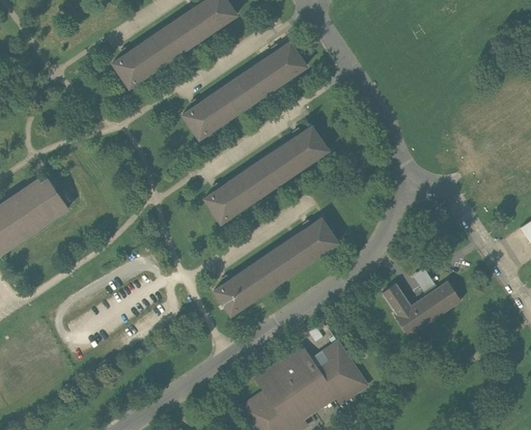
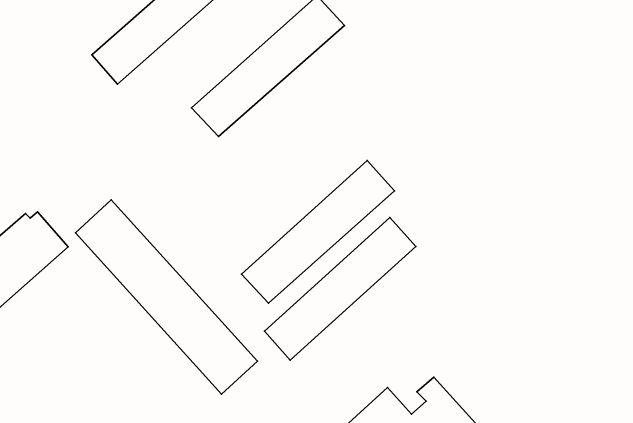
building: [203,124,329,223] -> [242,161,394,303]
building: none -> [75,200,257,394]
building: [382,282,462,337] -> none

